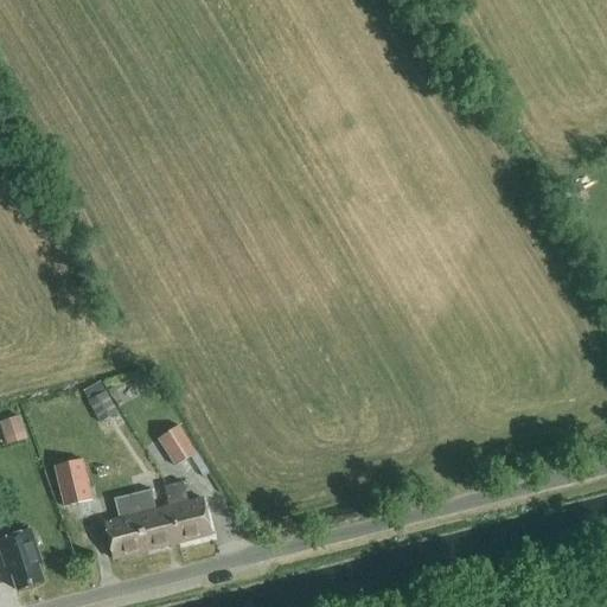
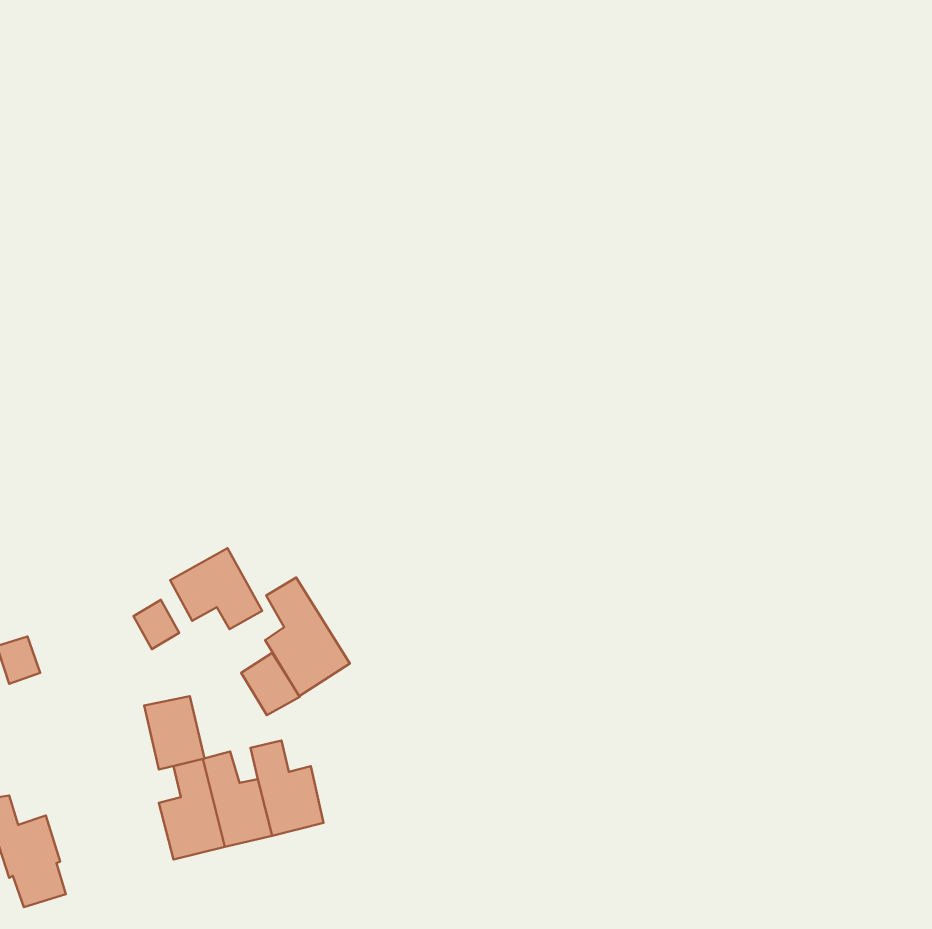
building: none -> [170,548,262,629]
building: none -> [265,577,350,696]
building: [52,458,91,505] -> [144,696,204,769]

